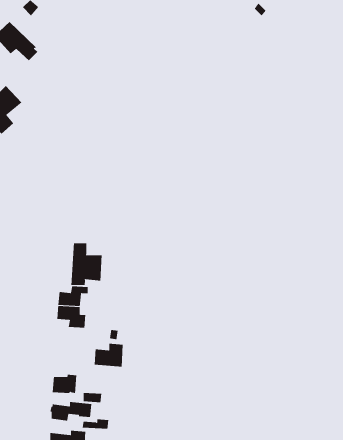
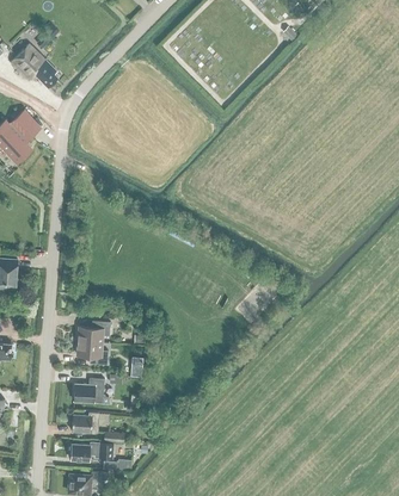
building: [71,242,102,286] -> none
building: [94,343,123,367] -> [73,377,104,402]

